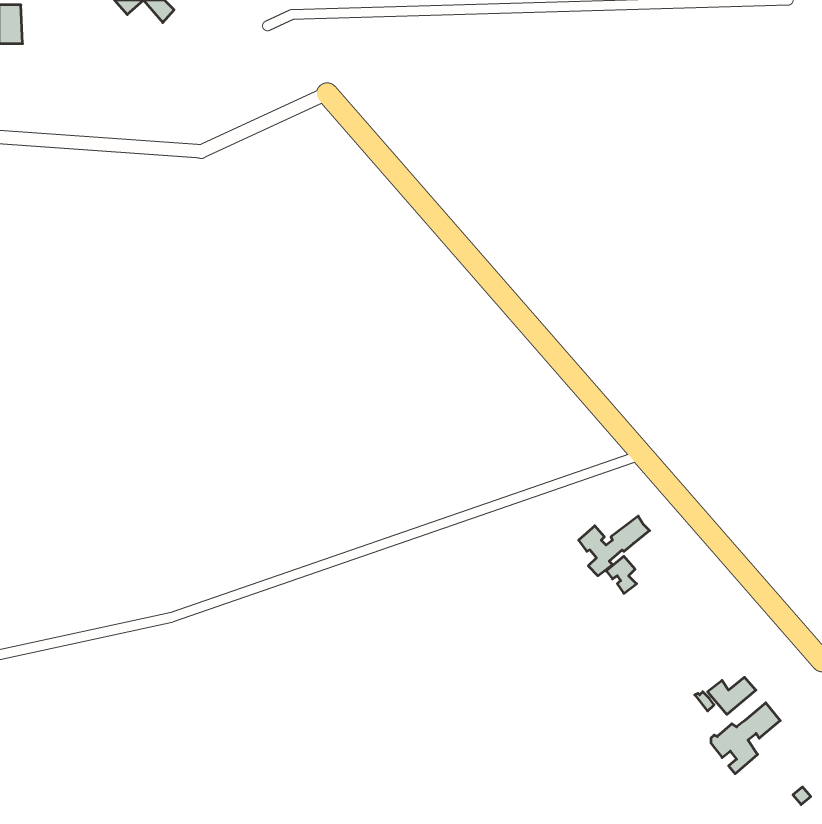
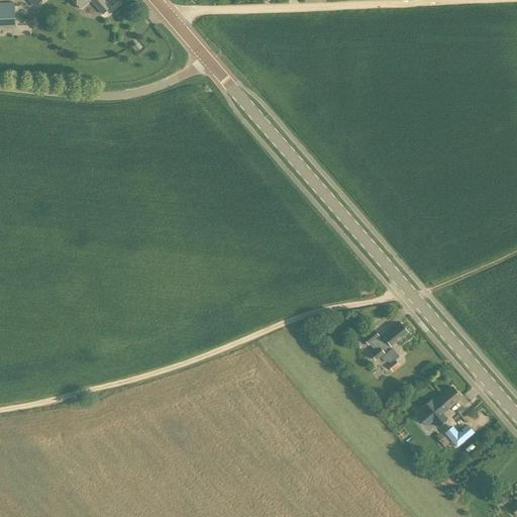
building: [711,703,780,774] -> [417,387,460,431]

